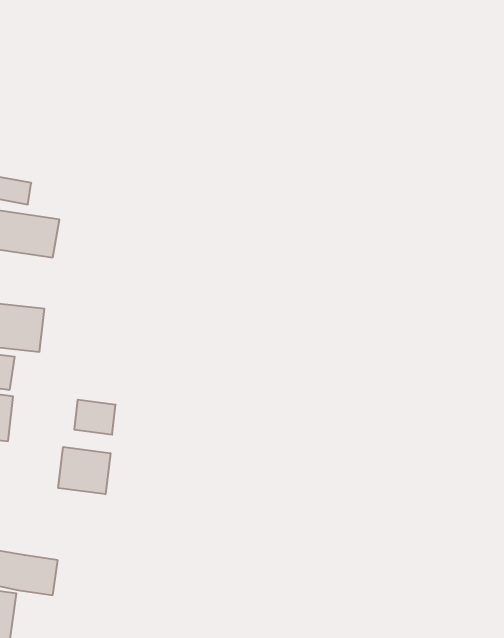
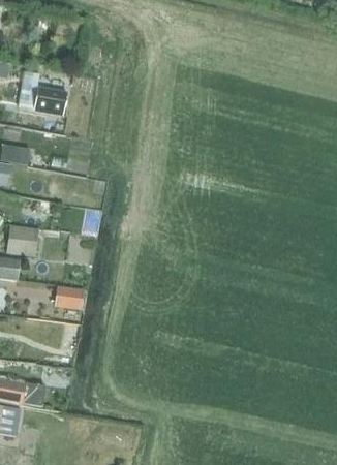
building: none -> [18,69,67,115]
building: [58,447,110,494] -> none

